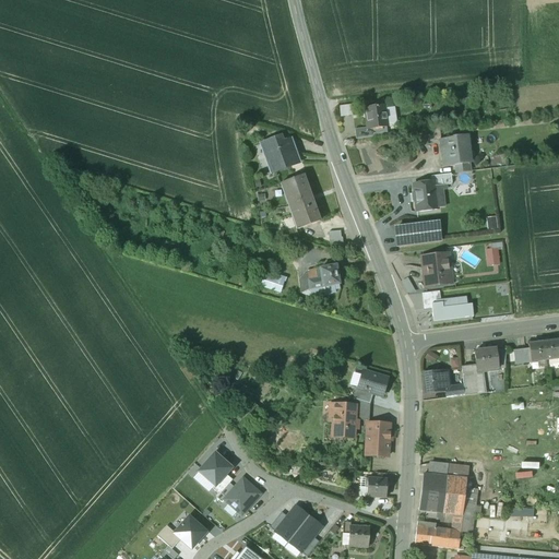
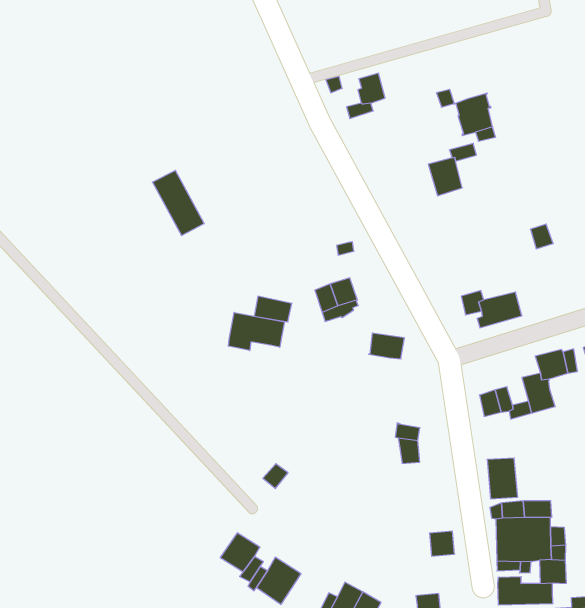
building: [261,135,299,170] -> none
building: [284,174,320,226] -> [152,170,204,235]
building: [395,223,441,243] -> none
building: [423,252,450,284] -> none
building: none -> [228,312,284,351]
building: [357,370,388,394] -> [369,333,404,359]
building: [333,403,355,437] -> none
building: [366,421,390,455] -> [487,458,518,499]

